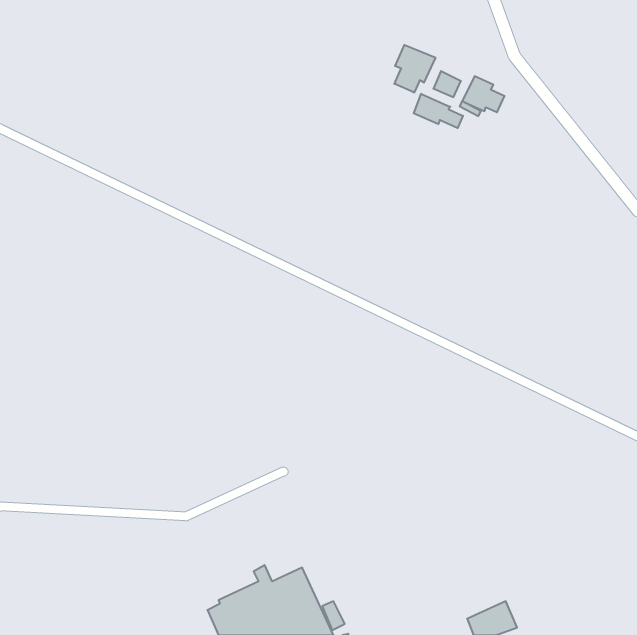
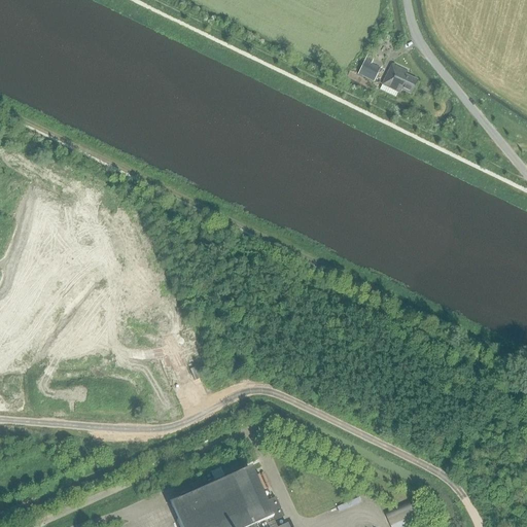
building: [394,45,435,93] -> none
building: [414,94,463,128] -> none

